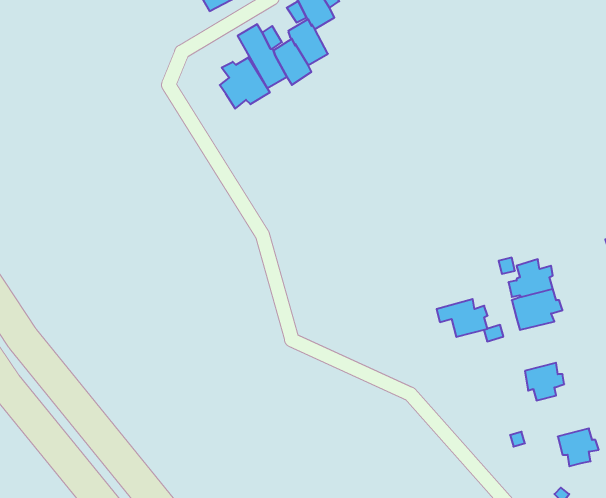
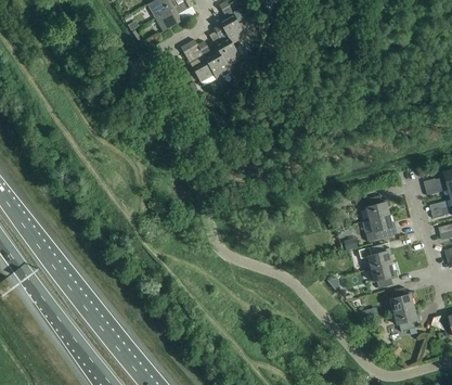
building: [220,57,270,109] -> none
building: [437,299,488,337] -> [358,245,391,270]
building: none -> [389,288,414,313]

